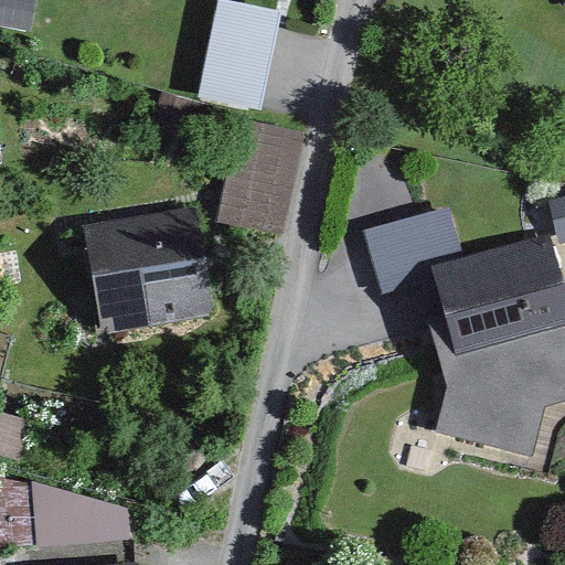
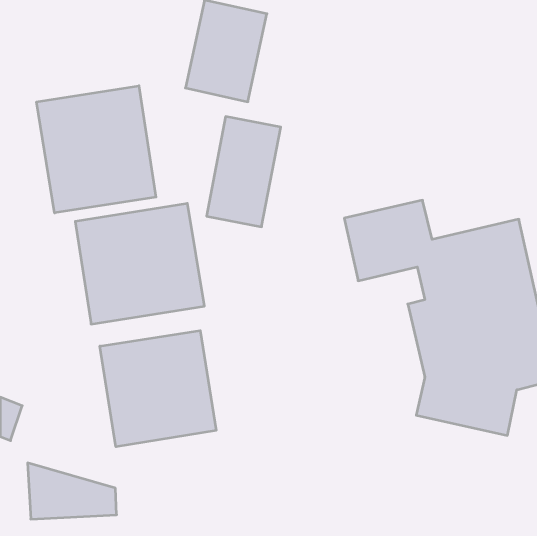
building: none -> [37,86,156,213]
building: none -> [100,331,216,447]

